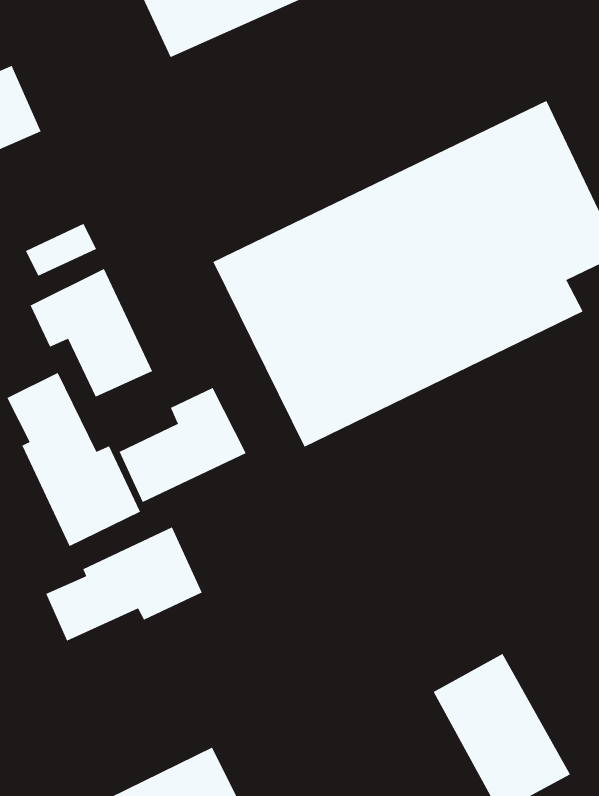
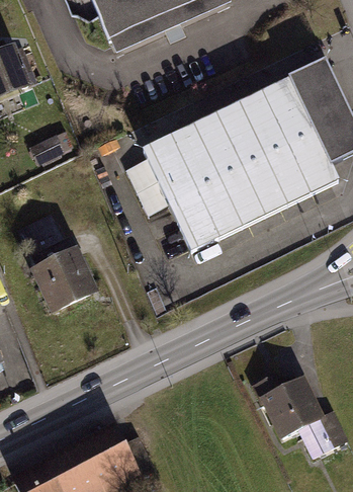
building: [30,268,153,398] -> none
building: [119,387,246,503] -> none
building: [45,526,203,642] -> none

